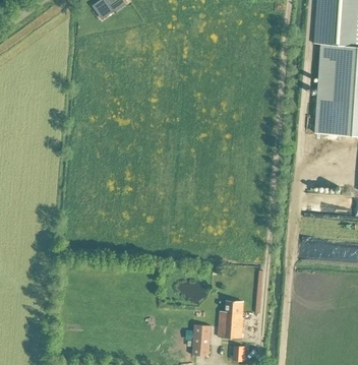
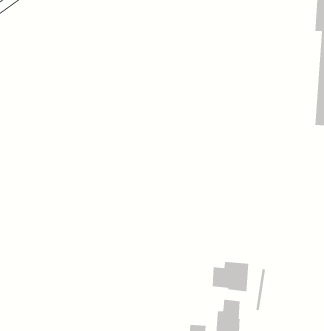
building: none -> [212,261,249,292]

